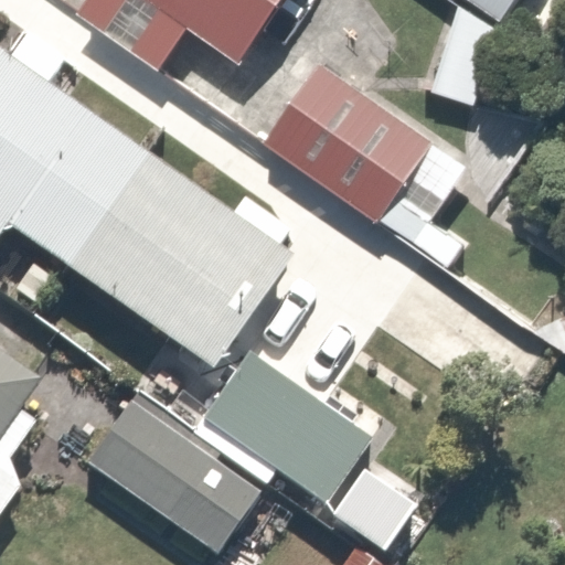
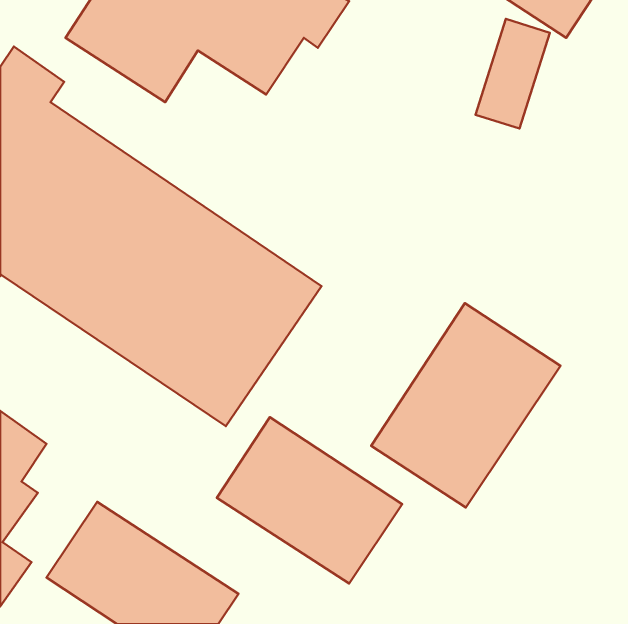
building: [271,74,455,243] -> none
building: none -> [371,303,560,507]

